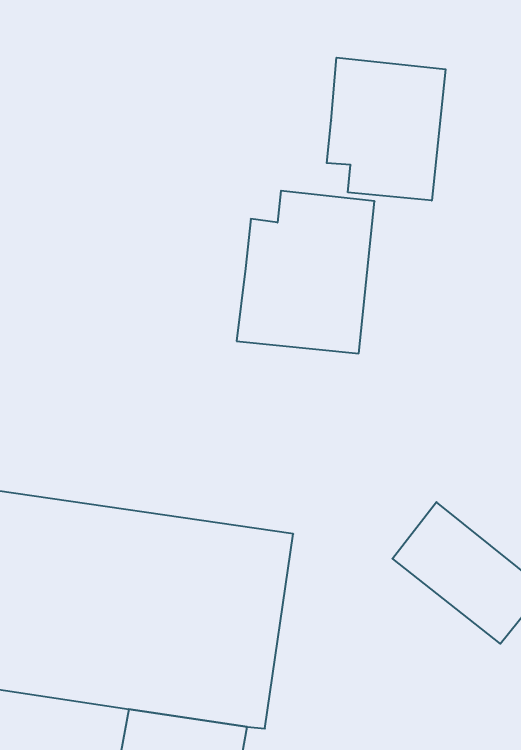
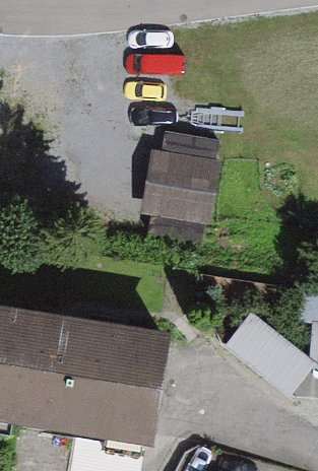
building: [327,58,446,201] -> none

